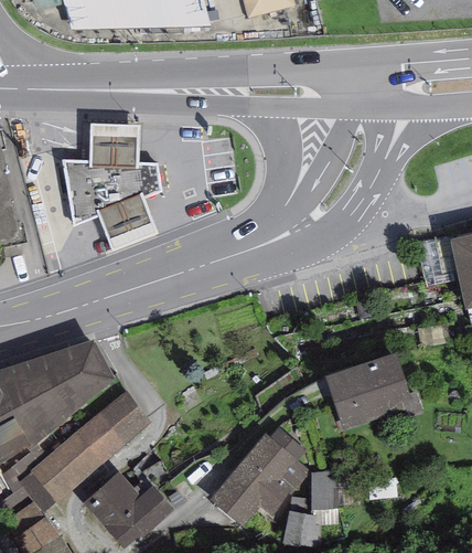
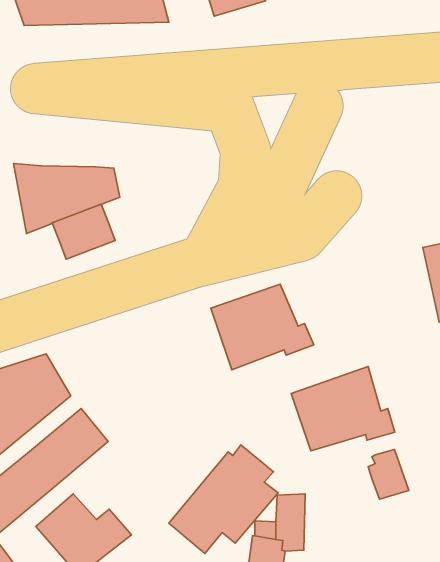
building: [88,124,139,162] -> none
building: none -> [211,284,314,370]
building: none -> [368,449,409,499]

